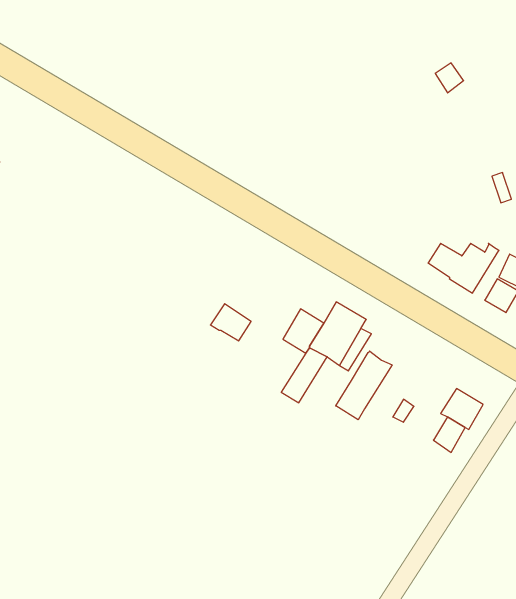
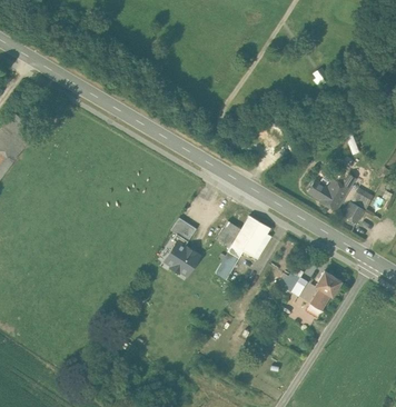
building: none -> [165,234,199,275]
building: [336,351,392,420] -> none

